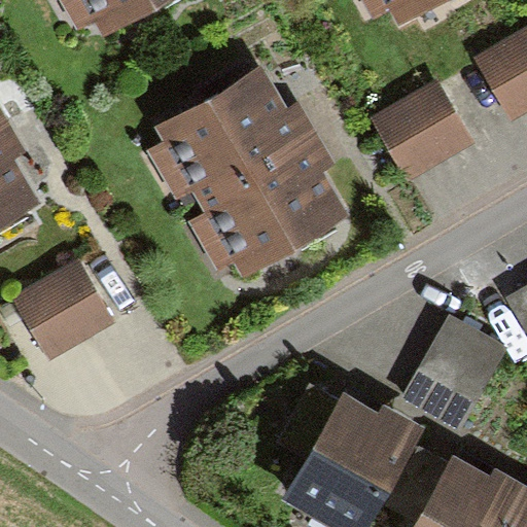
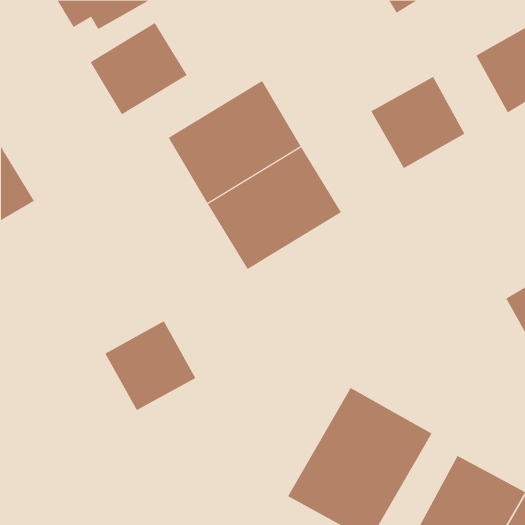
building: none -> [90,22,188,115]
building: [15,267,107,357] -> [105,320,196,411]
building: [405,318,500,426] -> none

